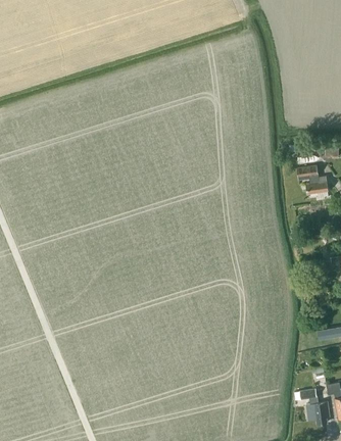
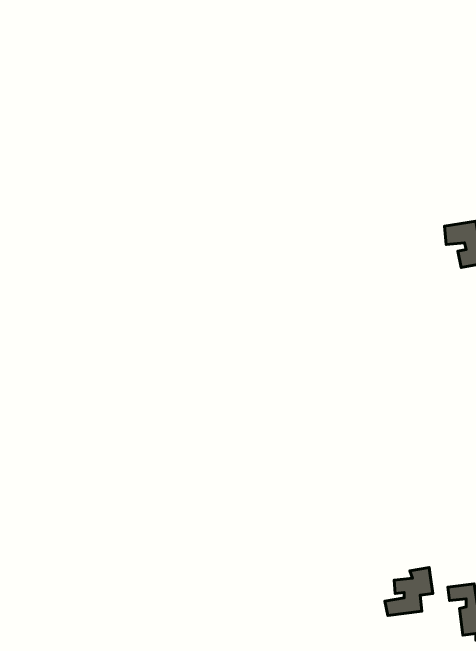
building: none -> [385,567,433,615]

